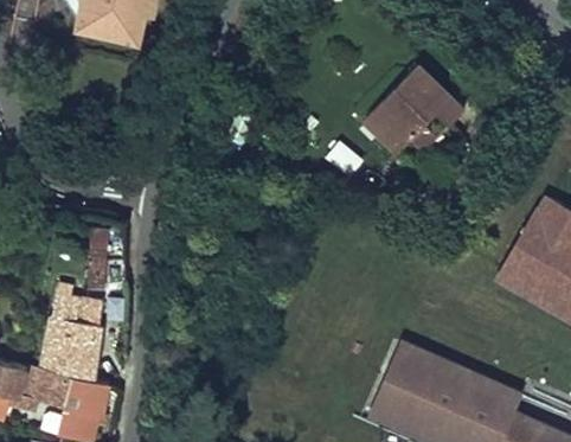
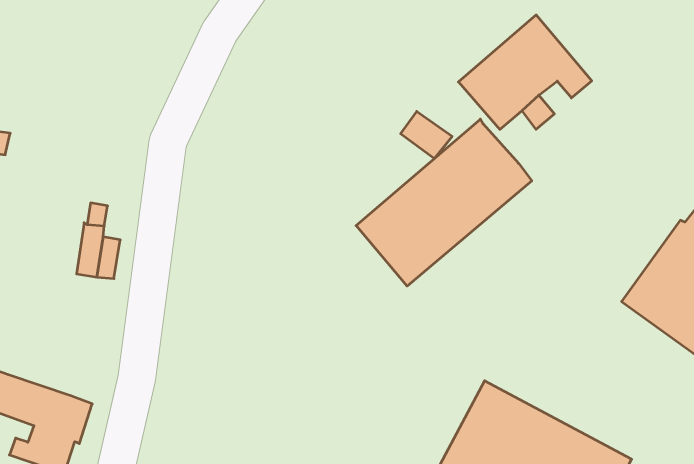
building: none -> [356,119,532,286]
building: [43,284,104,383] -> none

